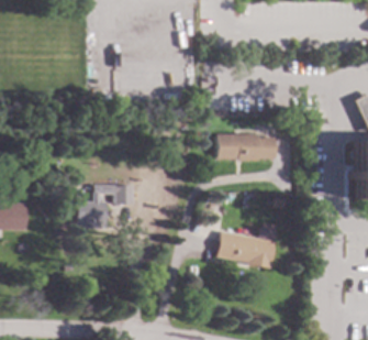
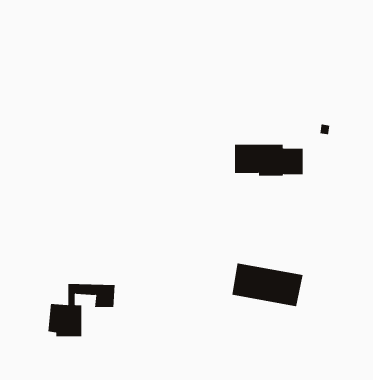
building: [78,184,134,228] -> [48,283,116,337]

